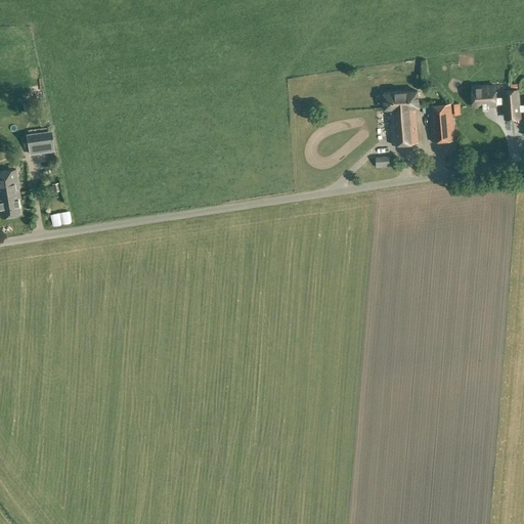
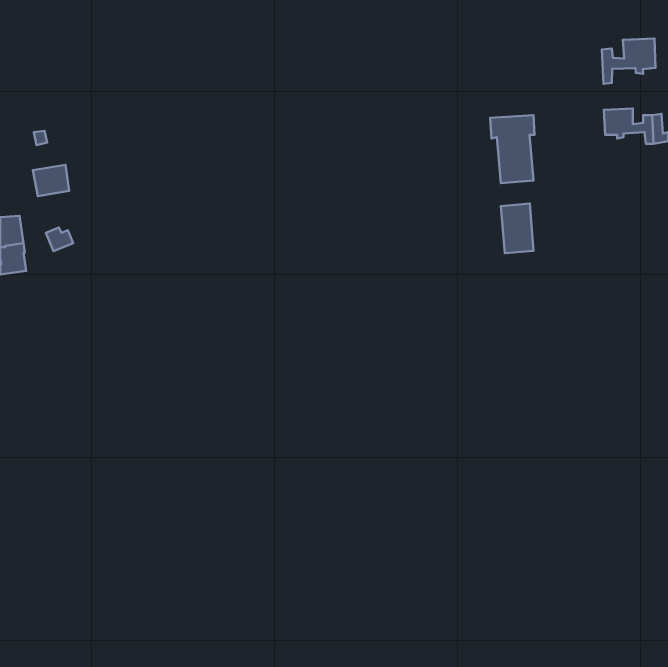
building: none -> [602,38,656,84]
building: [429,103,454,142] -> [501,204,534,253]

